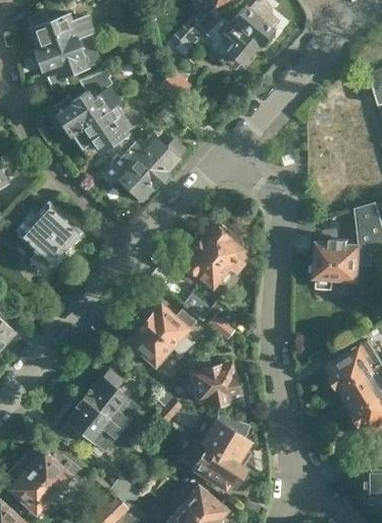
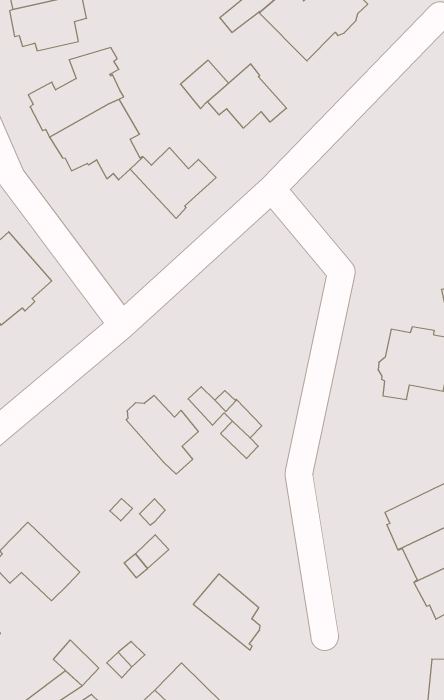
building: none -> [207,64,287,128]
building: [100,150,163,201] -> none
building: [179,225,242,287] -> none
building: [126,322,172,367] -> none
building: [192,365,237,406] -> none
building: [83,370,134,429] -> none
building: [184,440,243,488] -> none

